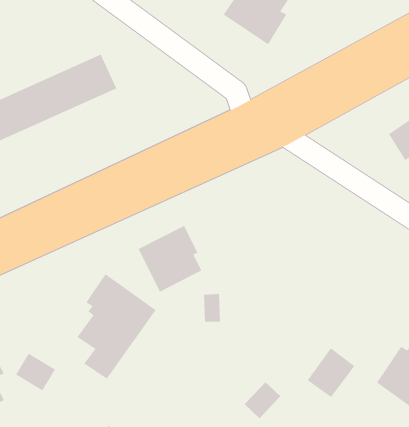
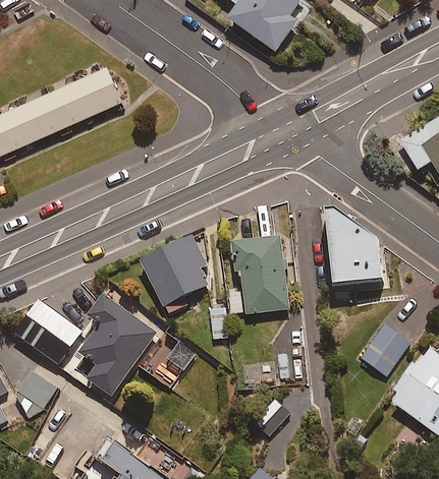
building: none -> [326,212,381,286]
building: none -> [237,239,290,314]
building: none -> [15,302,83,368]
building: [307,347,355,398] -> [360,323,409,375]

